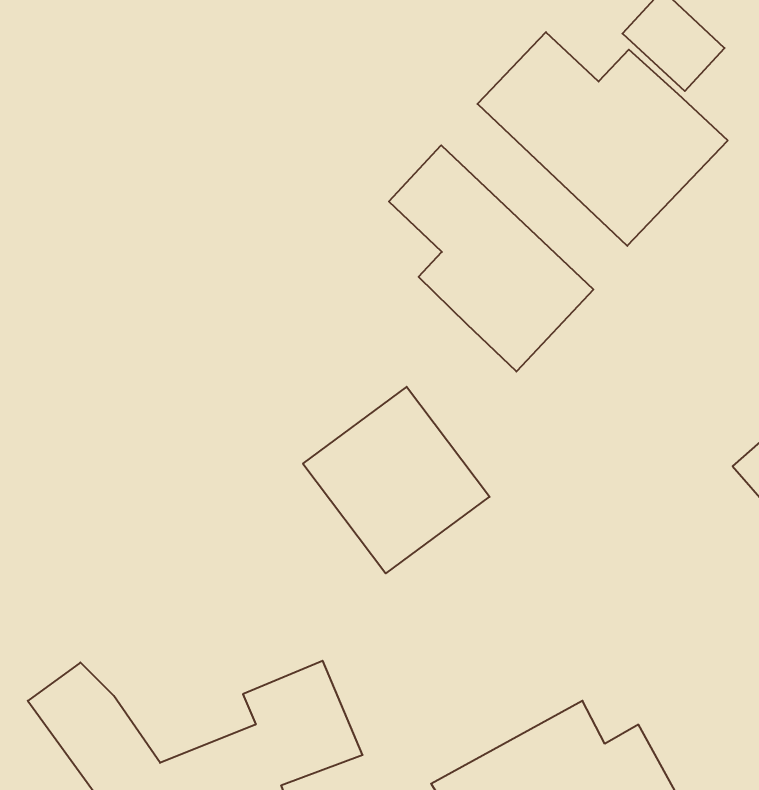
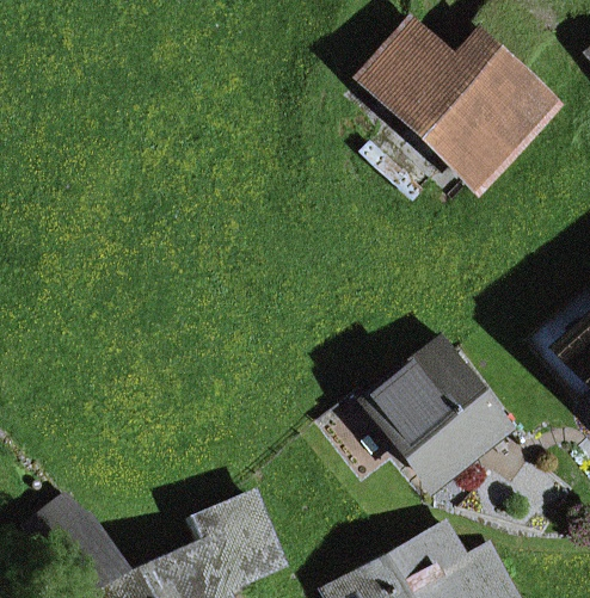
building: [389,145,593,372] -> none
building: [303,387,490,573] -> [365,338,505,477]

